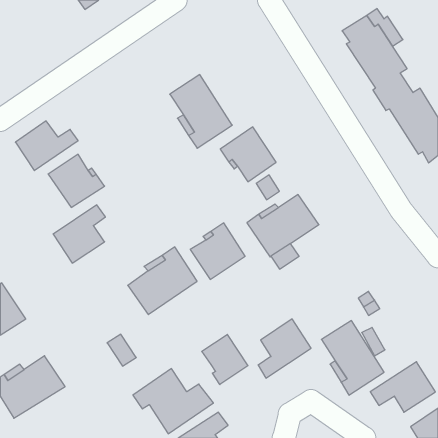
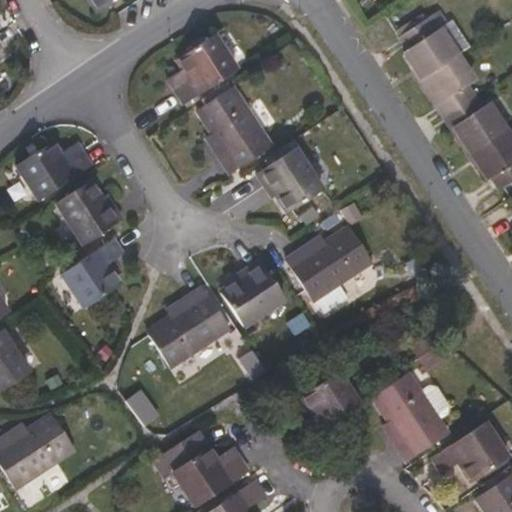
building: none -> [176,35,237,103]
building: [202,334,248,385] -> none

